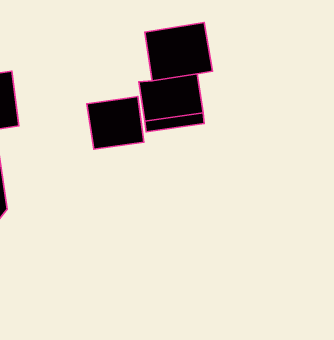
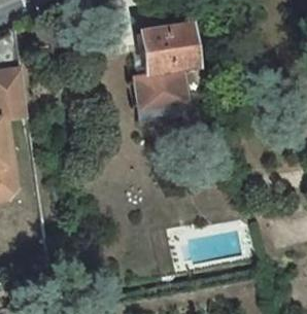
building: [87,96,144,149] -> none

